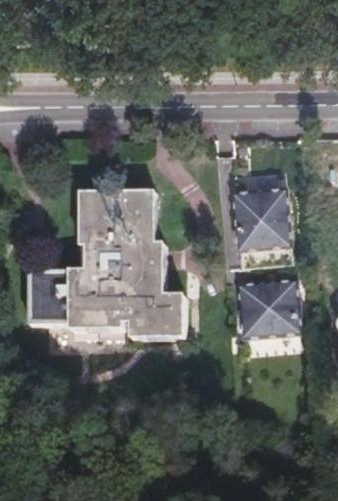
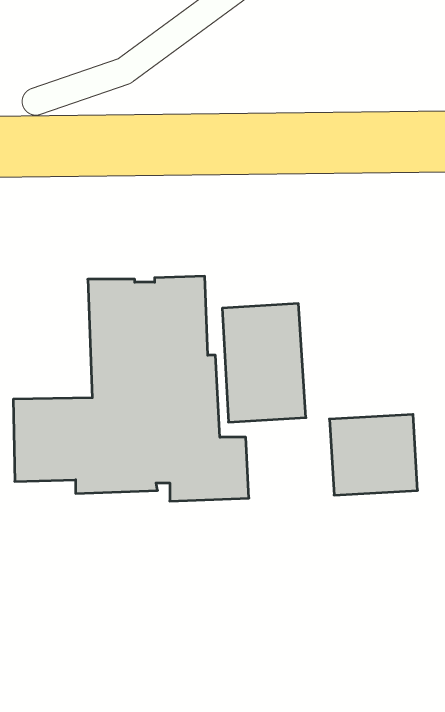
building: [236,185,291,263] -> [222,304,306,422]

